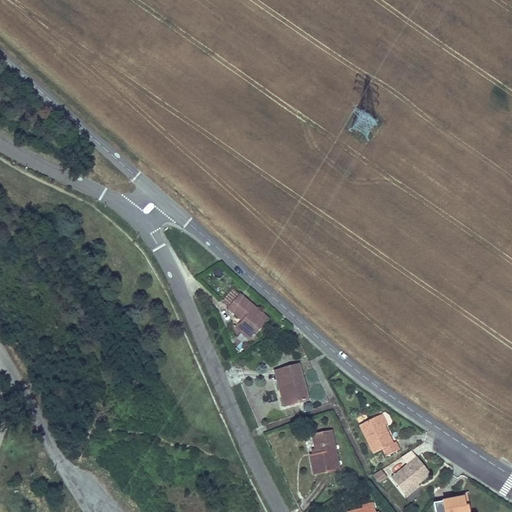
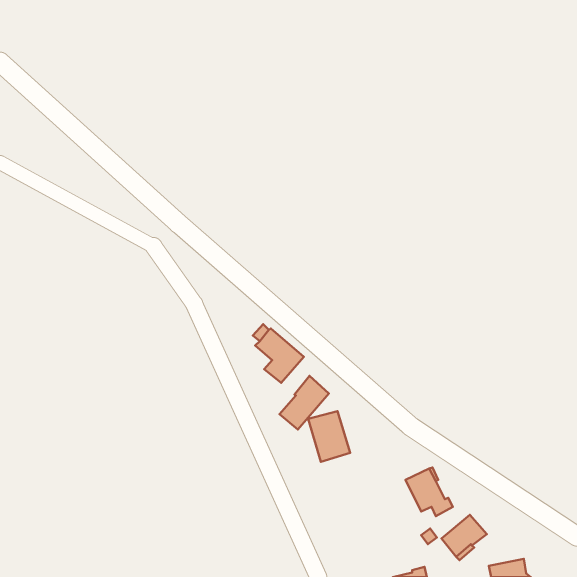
building: none -> [279,376,329,429]
building: [309,429,341,475] -> none

